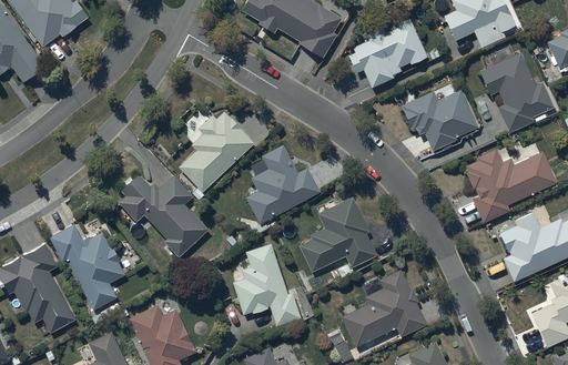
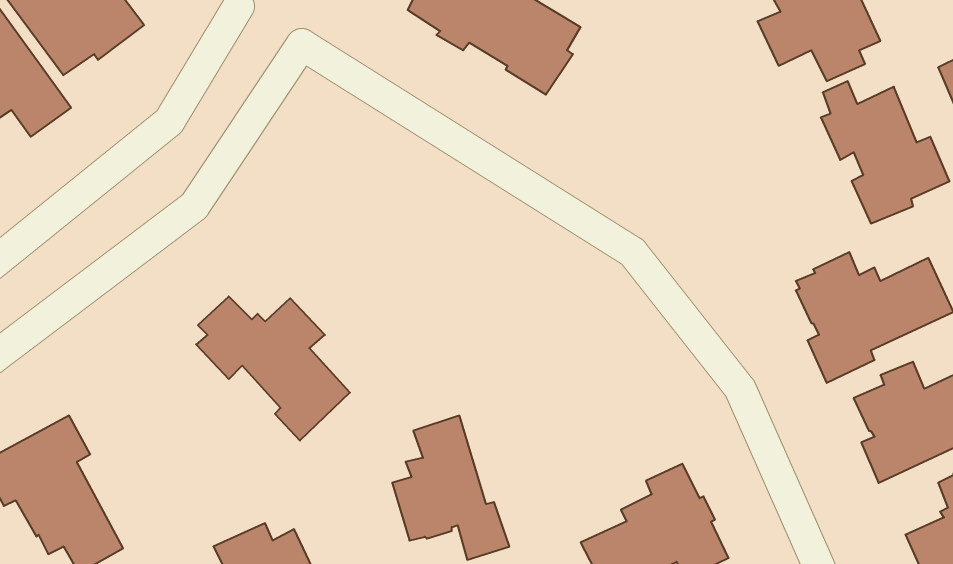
building: [347,19,426,88] -> none
building: [399,90,477,151] -> none
building: [176,111,254,199] -> none
building: [245,144,318,224] -> none
building: [298,197,376,272] -> none
building: [50,224,125,310] -> none

